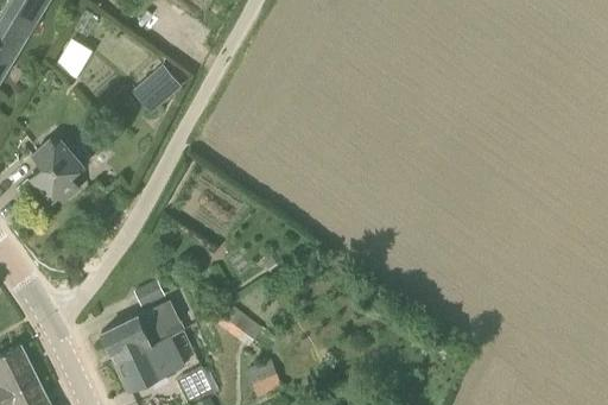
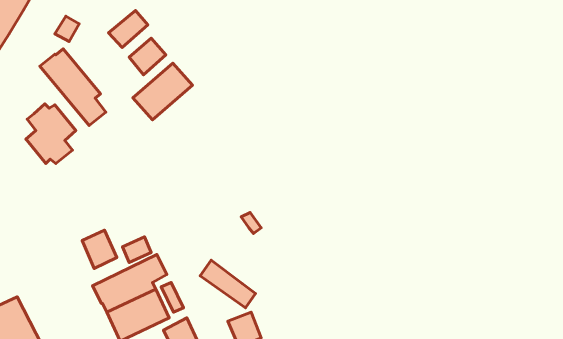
building: none -> [109,10,148,47]
building: none -> [40,49,106,126]
building: none -> [133,63,193,120]
building: none -> [82,230,117,269]

